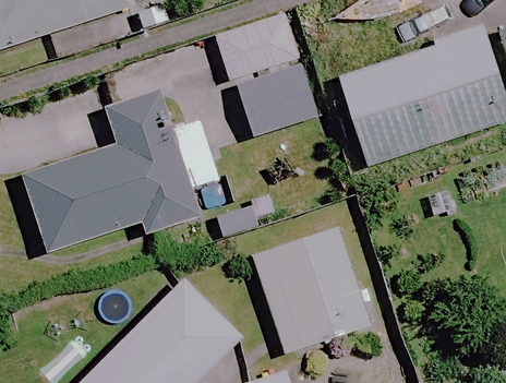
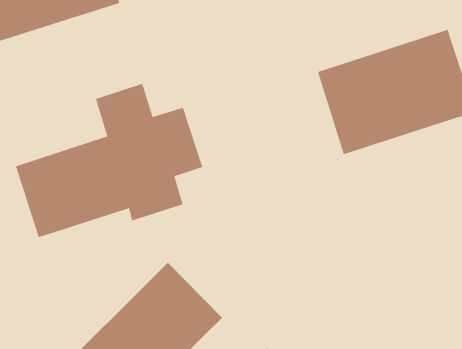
building: [218,11,317,136] -> none
building: [251,226,372,354] -> none

